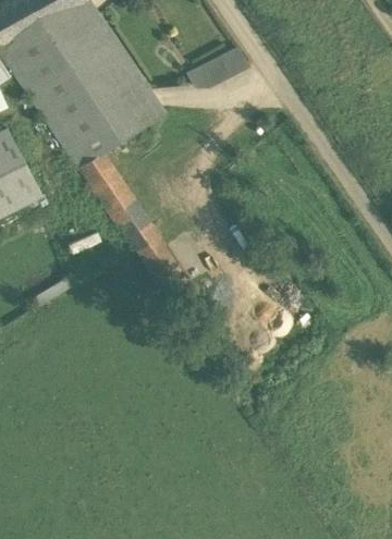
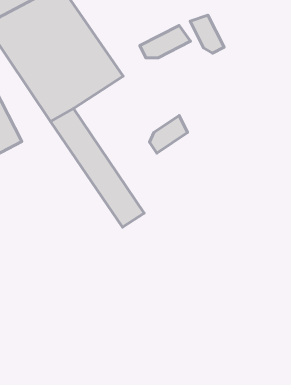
building: none -> [190,15,224,53]
building: none -> [149,116,188,153]

